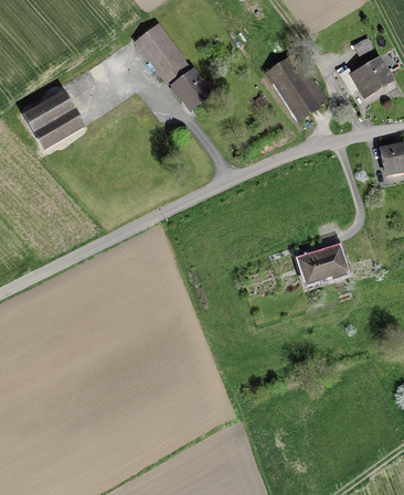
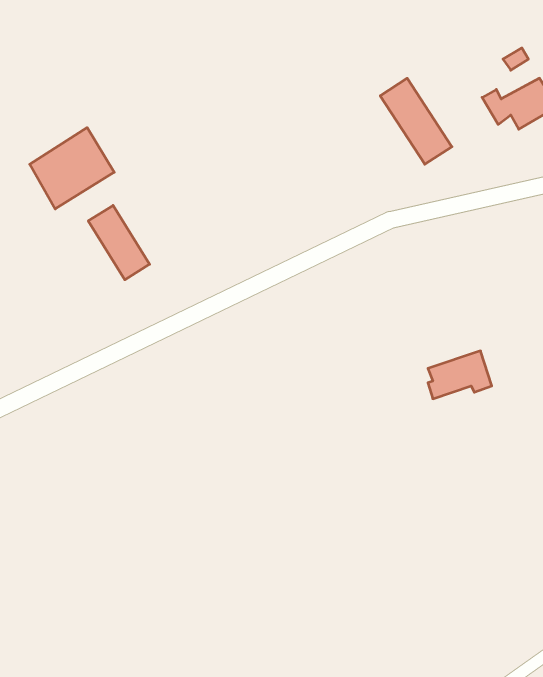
building: [134,23,205,106] -> none
building: none -> [88,205,150,280]

